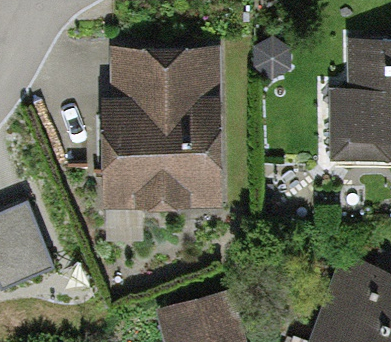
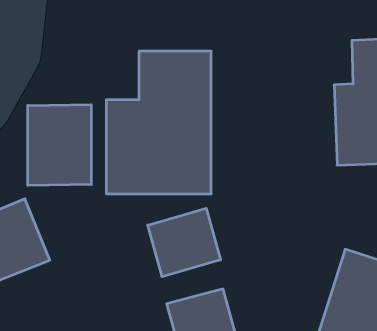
building: none -> [28,105,91,185]
building: none -> [148,208,221,277]

